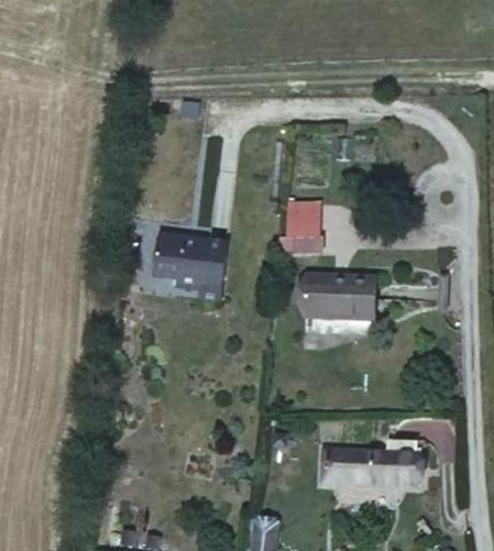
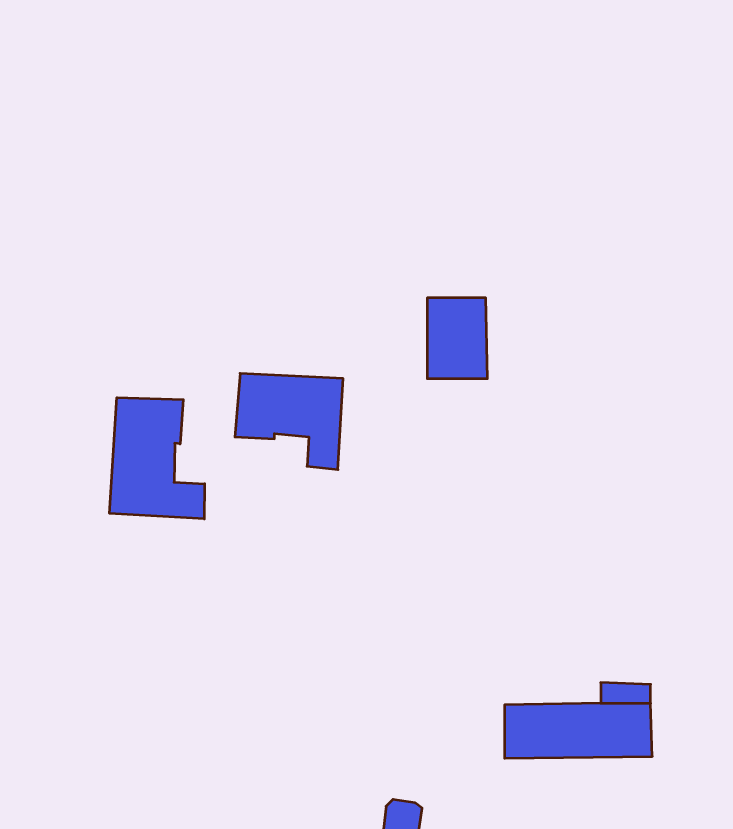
building: none -> [110,398,205,519]
building: [299,272,375,318] -> none

